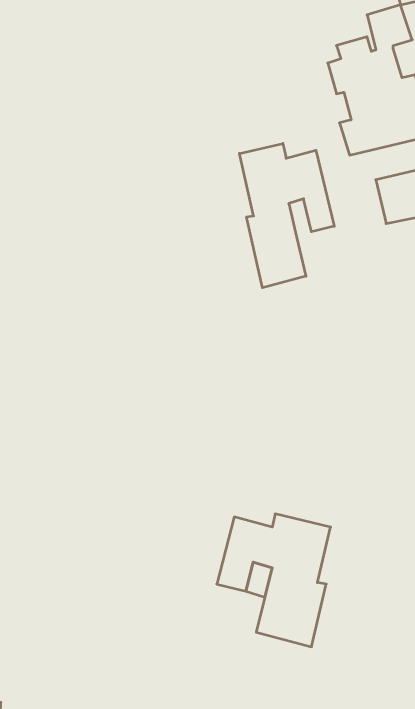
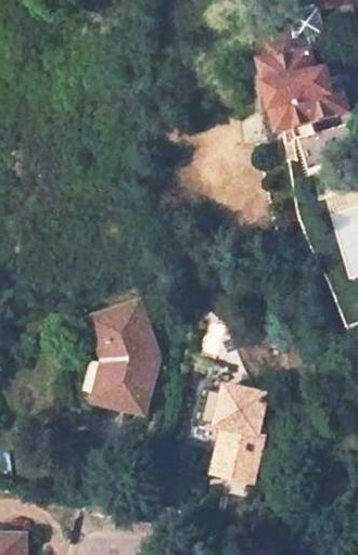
building: [239,143,334,288] -> none
building: none -> [92,300,154,406]

